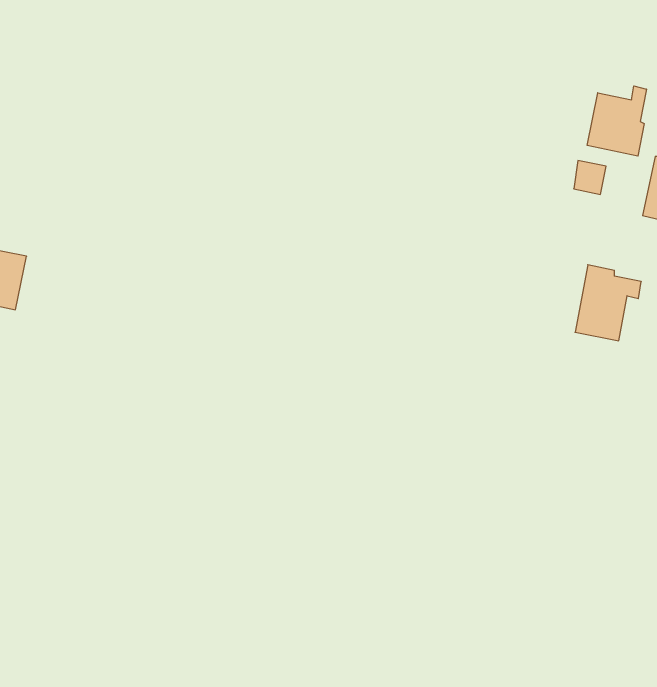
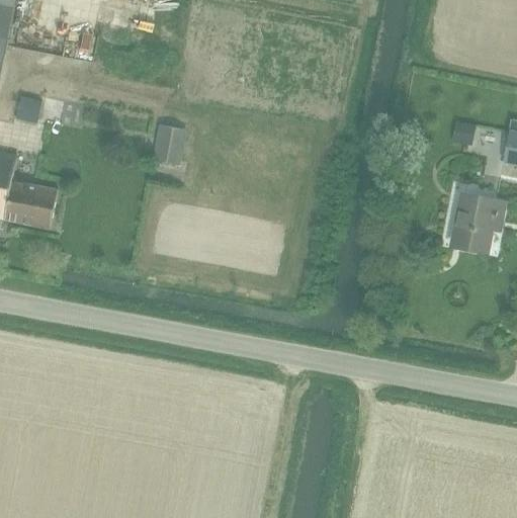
building: [587,86,646,156] -> none
building: none -> [151,123,185,163]

